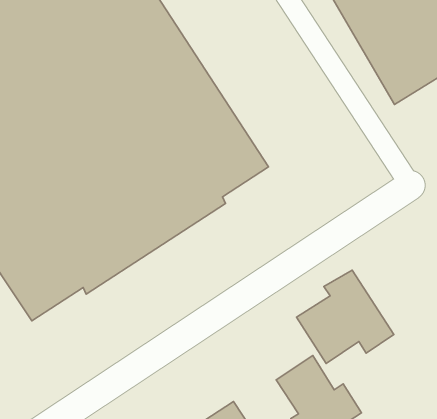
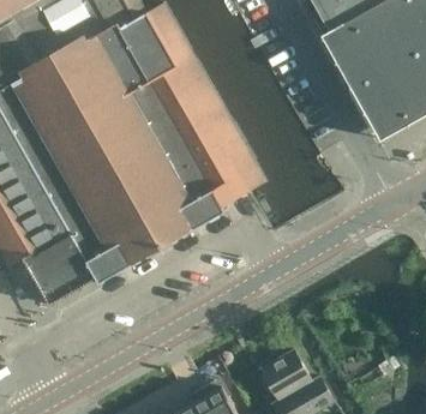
building: [297,270,394,364] -> none

